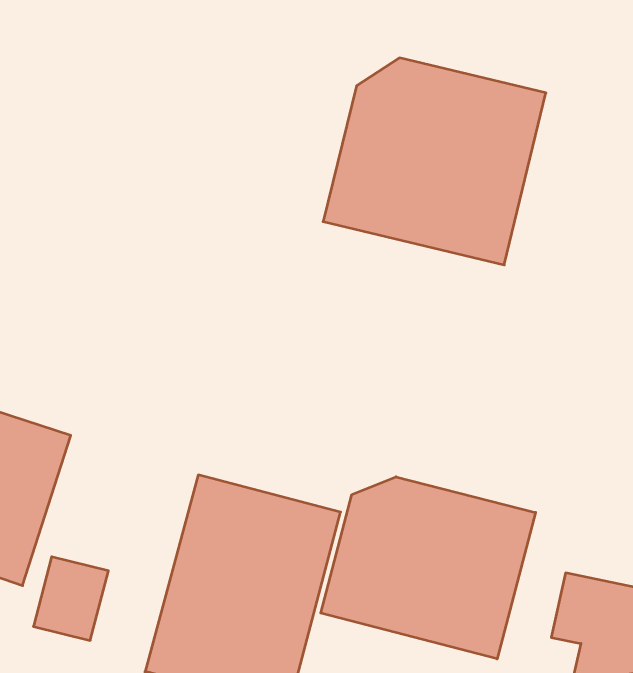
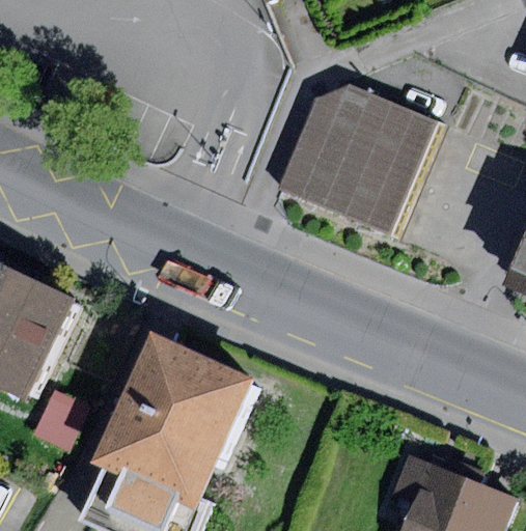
building: [321,477,536,659] -> none

